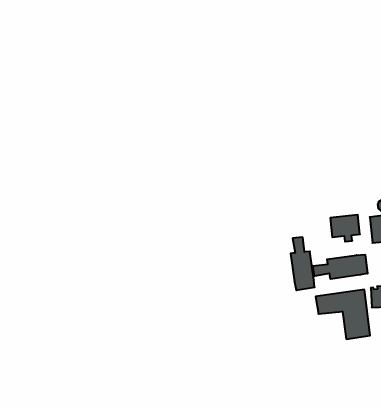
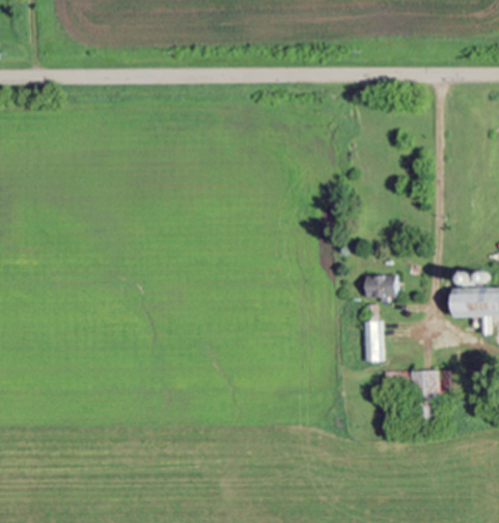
building: [330,215,360,242] -> [367,274,398,302]
building: [313,255,368,279] -> none

